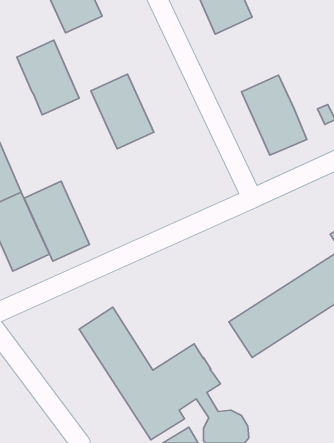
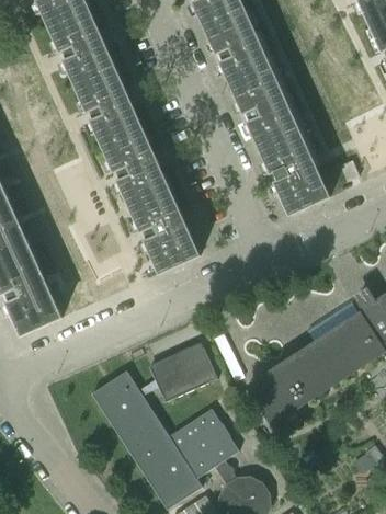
building: none -> [232,69,298,147]
building: [17,40,79,115] -> [77,68,141,146]
building: [24,181,90,261] -> [130,189,198,272]
building: none -> [148,342,216,402]

